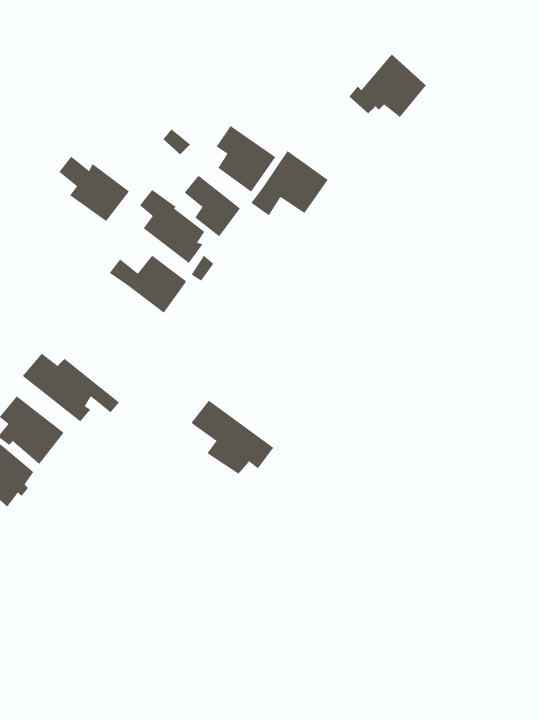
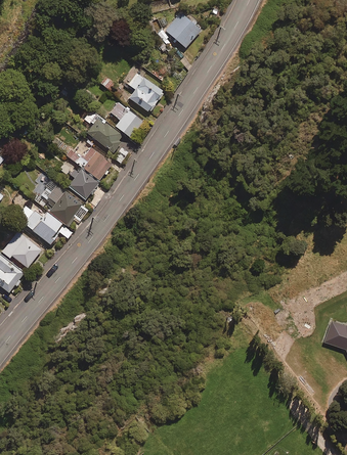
building: [349,54,427,118] -> [157,10,202,47]
building: [250,150,328,216] -> none
building: [58,156,130,222] -> [58,161,99,198]
building: [191,400,274,475] -> [41,181,89,224]

